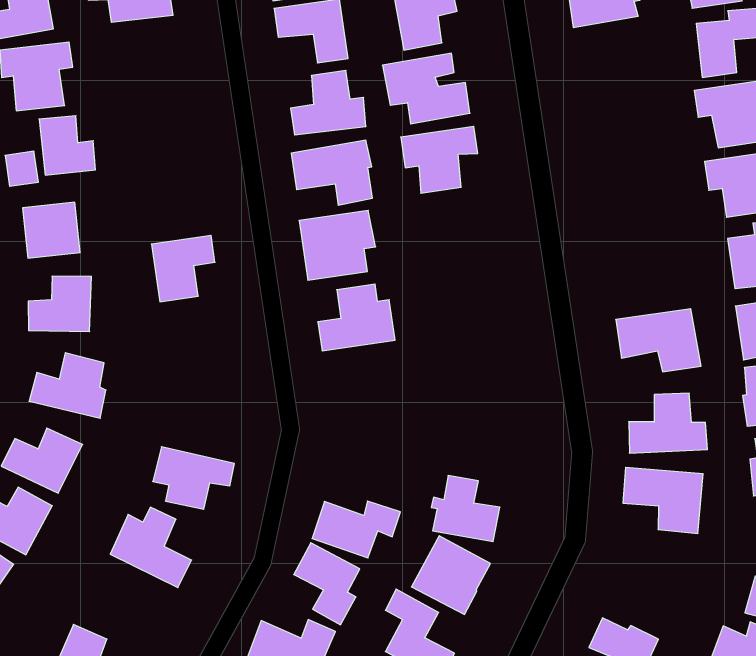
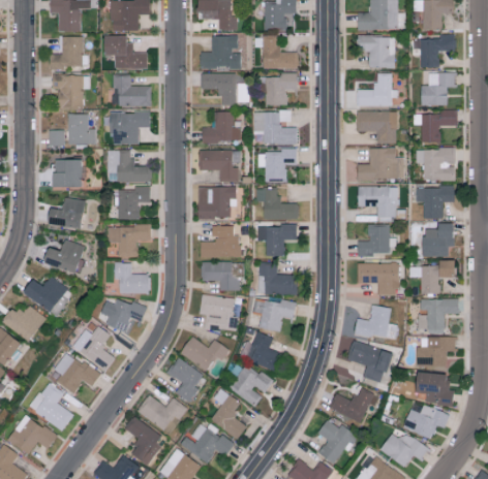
building: none -> [358,110,398,143]
building: none -> [113,74,152,107]
building: none -> [111,111,151,145]
building: none -> [358,148,404,180]
building: none -> [359,186,398,218]
building: none -> [109,150,152,182]
building: none -> [256,189,299,220]
building: none -> [359,224,391,257]
building: none -> [258,225,297,255]
building: none -> [109,225,152,257]
building: none -> [258,264,297,294]
building: none -> [202,261,242,291]
building: none -> [115,262,149,293]
building: none -> [253,298,297,331]
building: none -> [200,294,242,328]
building: none -> [330,387,374,423]
building: none -> [56,352,101,393]

